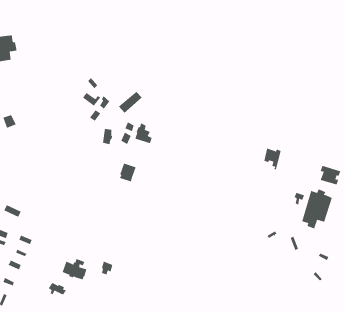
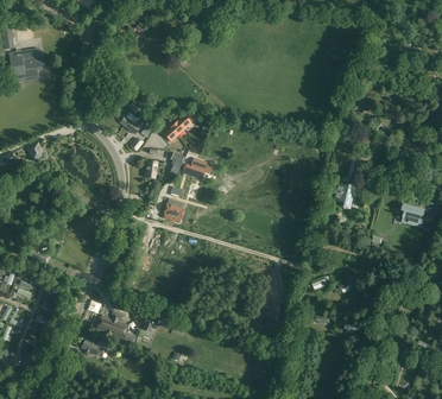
building: [302,188,332,229] -> none

